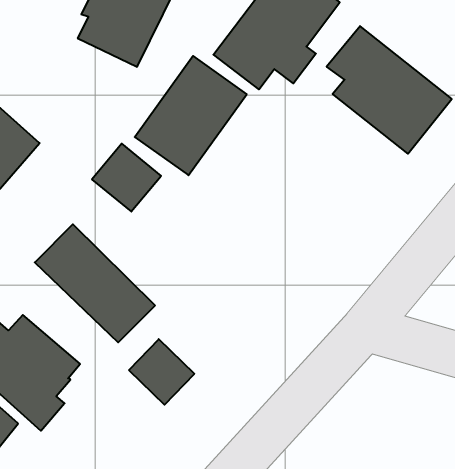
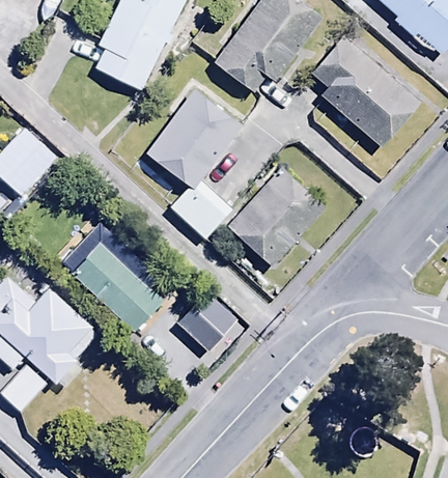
building: [92,144,161,212] -> [173,176,233,235]
building: none -> [226,167,321,262]
building: [129,339,194,405] -> [176,291,233,348]

